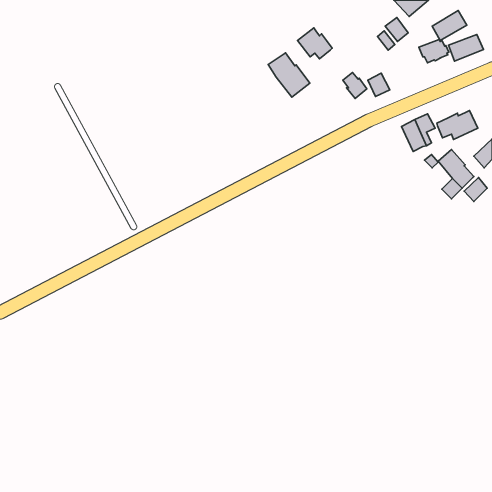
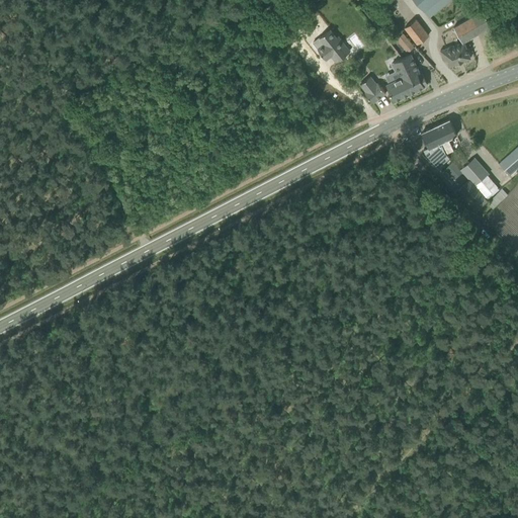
building: [448,34,483,61] -> none
building: none -> [394,55,427,95]
building: [268,53,310,97] -> none
building: [437,110,478,139] -> none

